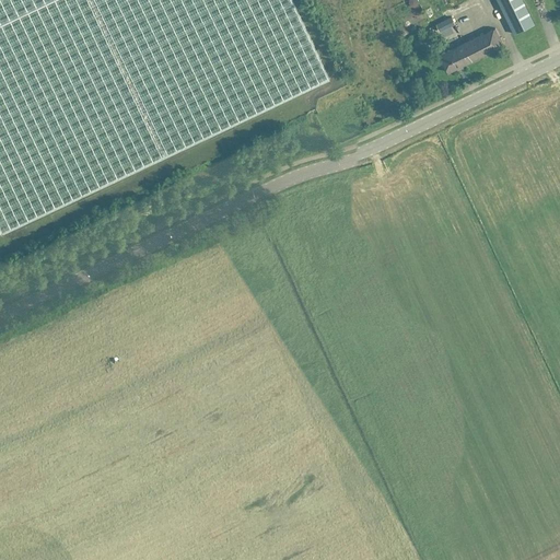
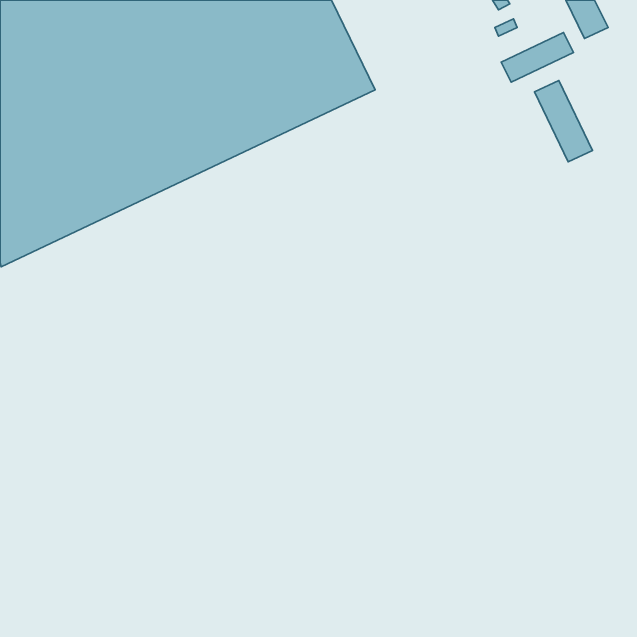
building: none -> [535,81,592,162]

